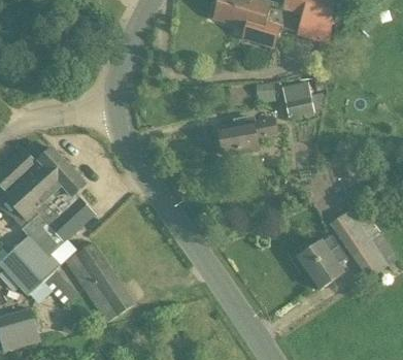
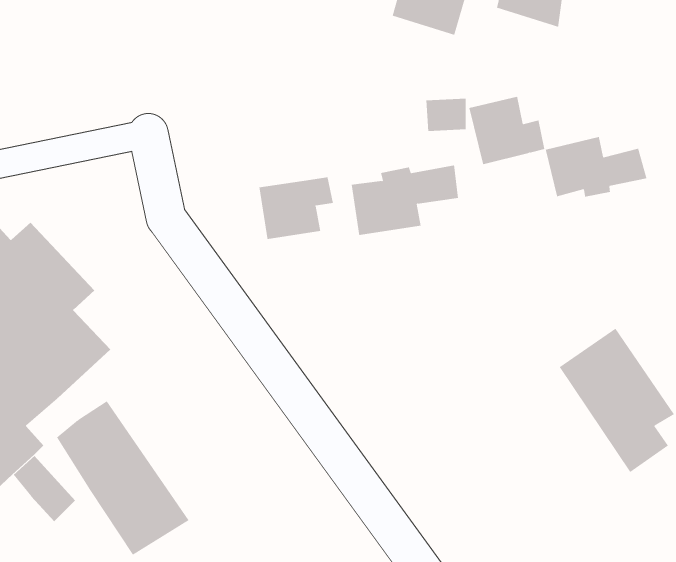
building: none -> [545,136,647,197]
building: none -> [259,177,333,240]
building: [298,235,345,289] -> none

